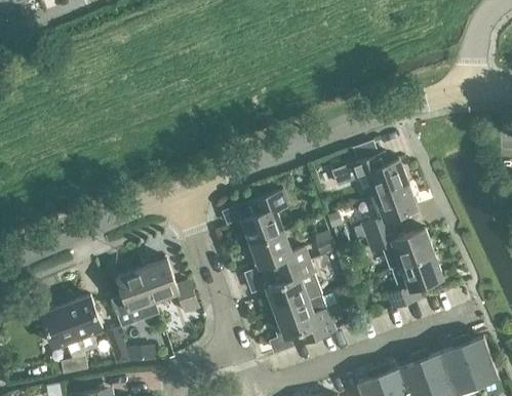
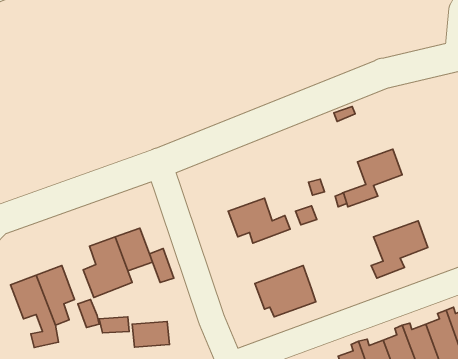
building: [331,153,408,196] -> none
building: [242,190,289,243] -> none
building: [365,229,433,268] -> none
building: [267,261,322,313] -> none
building: none -> [132,322,169,347]

